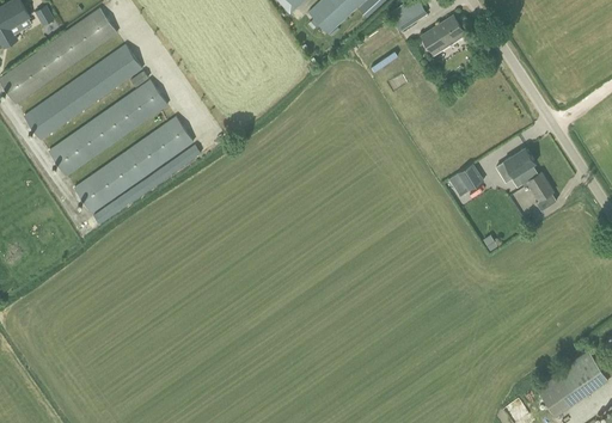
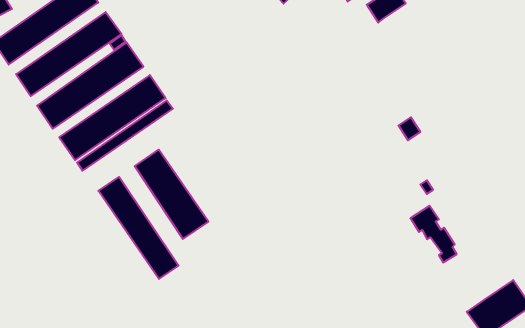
building: [504,147,557,211] -> [410,206,457,262]
building: none -> [135,150,208,239]
building: none -> [98,177,179,279]

